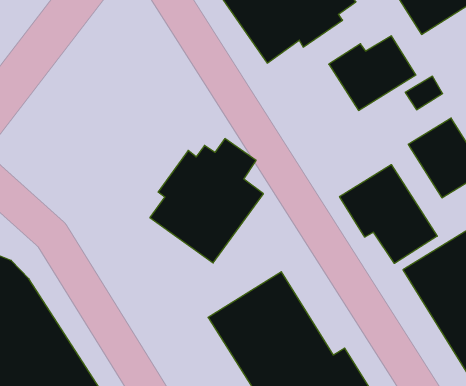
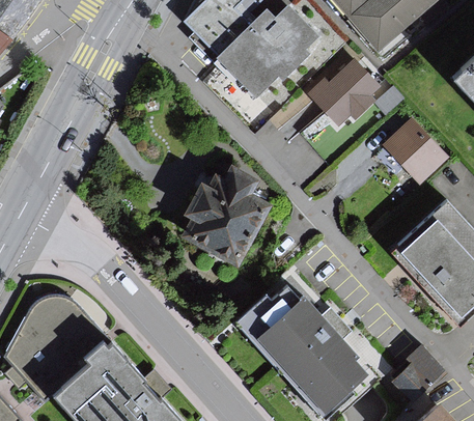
building: [340,165,437,263] -> none

